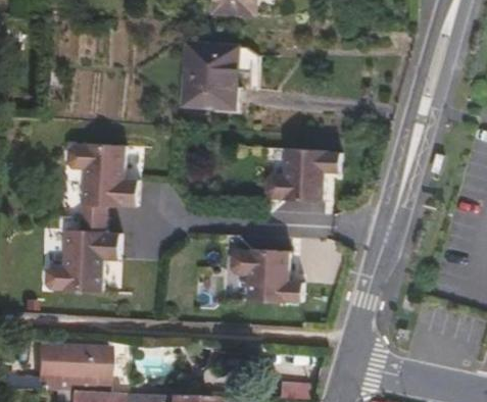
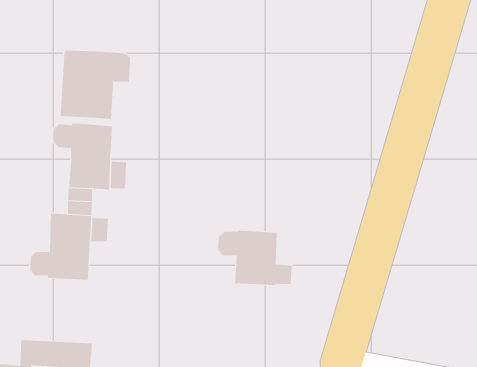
building: [184,42,252,108] -> [60,50,131,119]
building: [265,150,341,203] -> none

